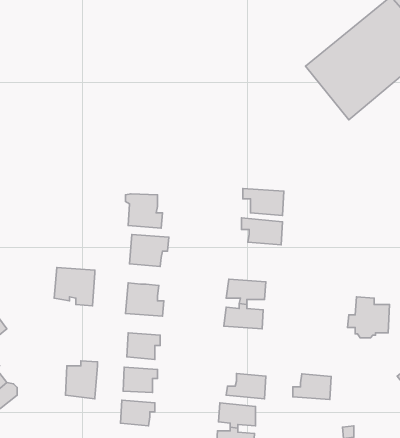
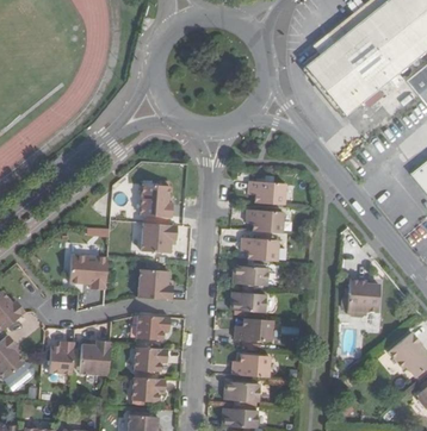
building: none -> [241,237,277,260]
building: none -> [51,342,75,375]
building: [293,374,331,399] -> [235,317,271,341]

